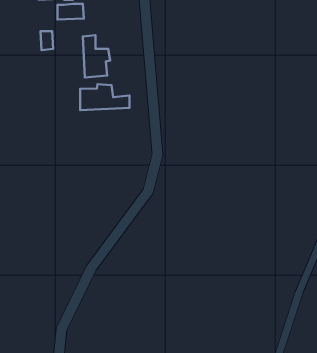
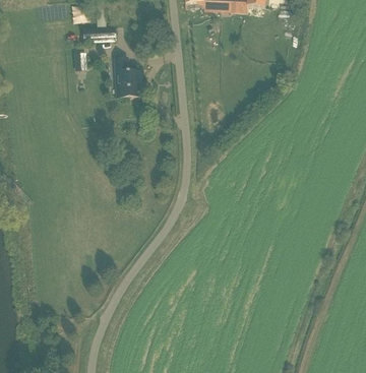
building: [80,84,130,110] -> none

